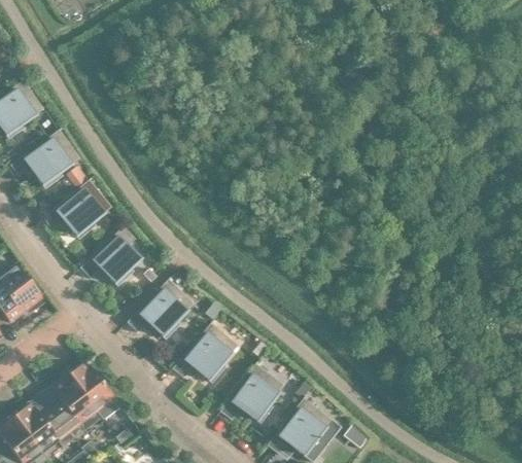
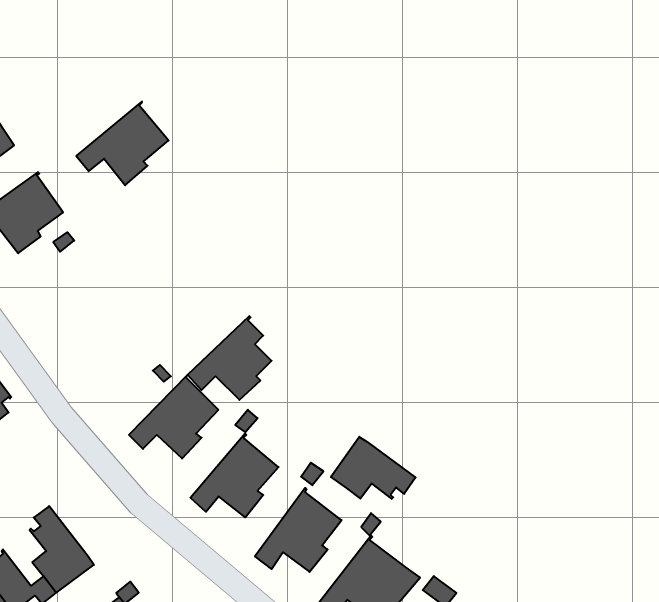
building: [43,178,111,240] -> [76,101,169,185]
building: [80,224,142,286] -> [188,316,272,400]
building: none -> [331,437,416,499]
building: [69,365,125,423] -> none

